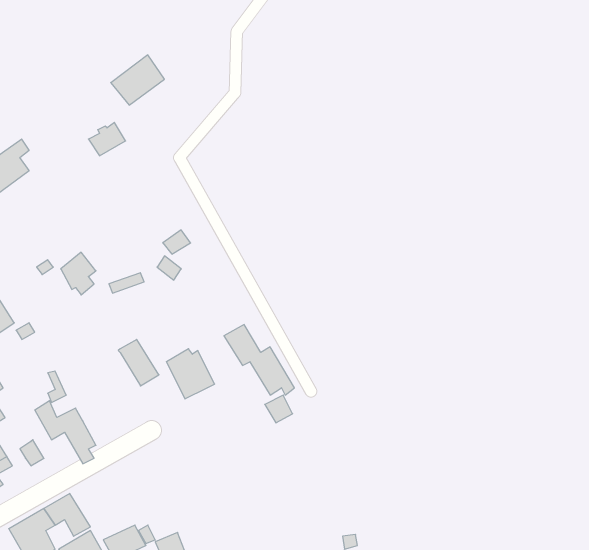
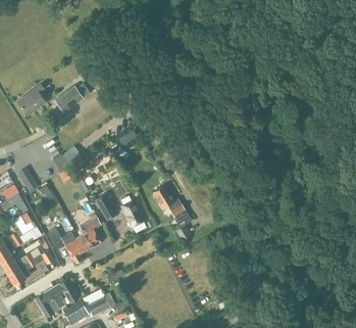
building: [111,55,164,105] -> [53,85,83,112]
building: none -> [74,215,100,252]

